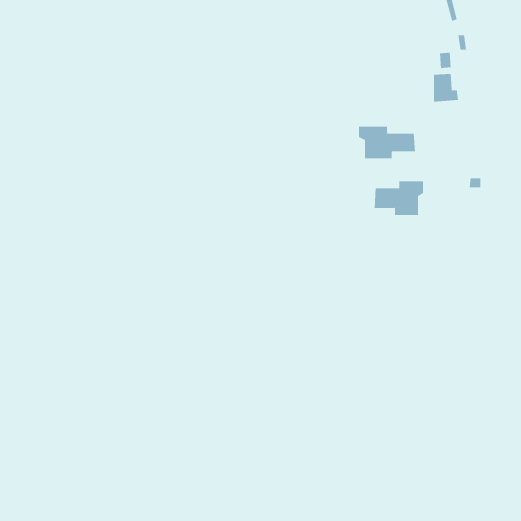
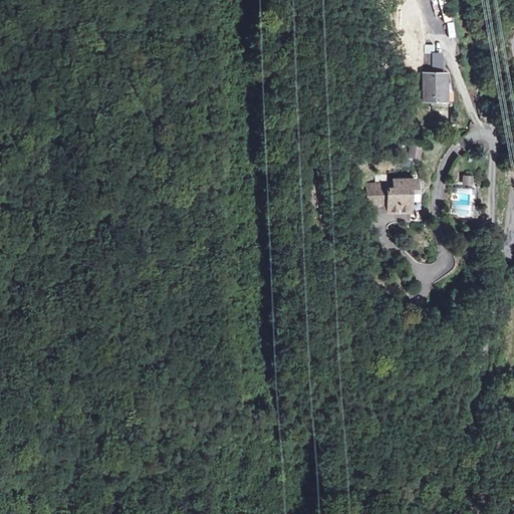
building: [359,126,415,159] -> none

